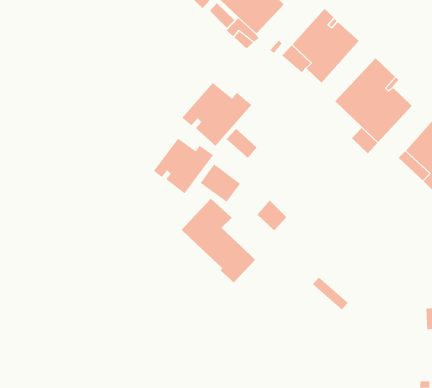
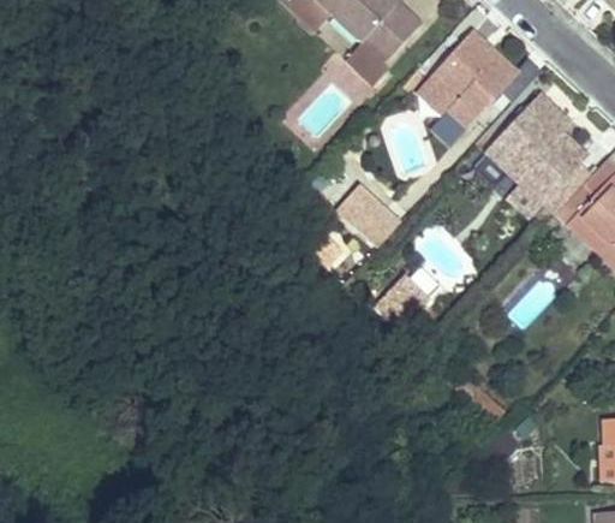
building: [182,82,252,147] -> none
building: [153,138,214,194] -> none
building: [181,198,256,283] -> none

